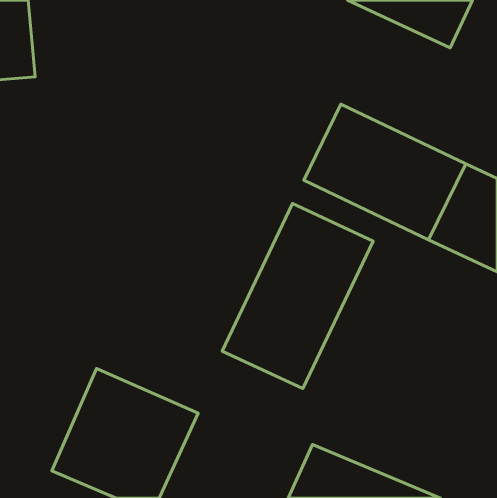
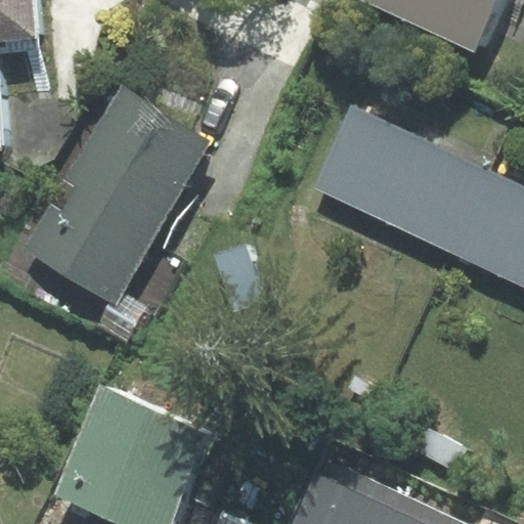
building: none -> [25,88,210,301]
building: [222,204,373,388] -> none

